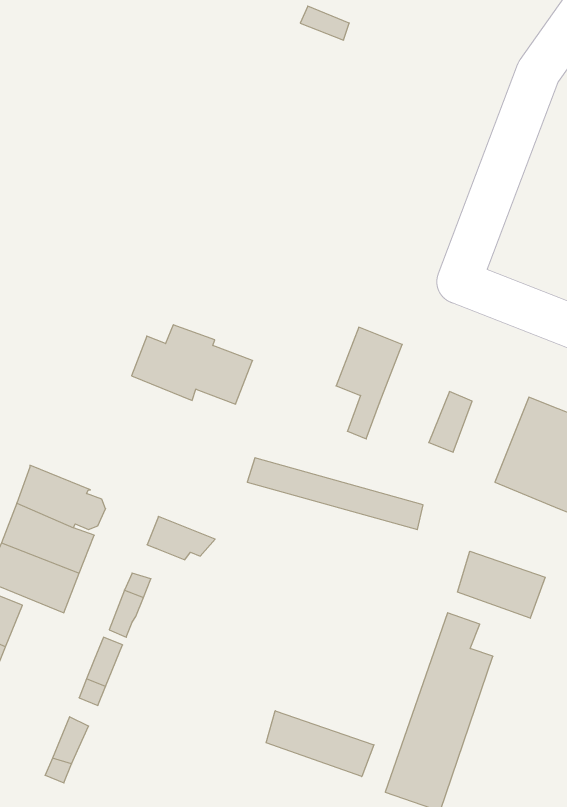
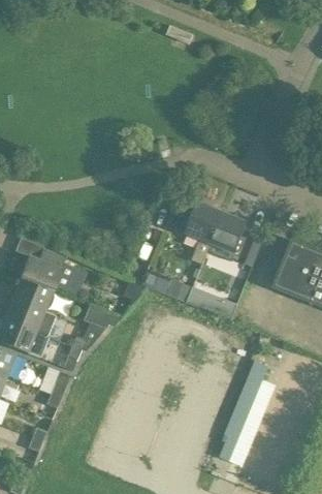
building: [132,325,253,404] -> [20,250,86,294]
building: none -> [211,212,248,253]
building: [457,551,545,618] -> none
building: [266,711,374,777] -> none

